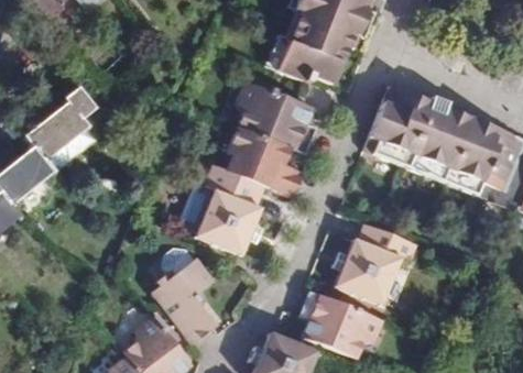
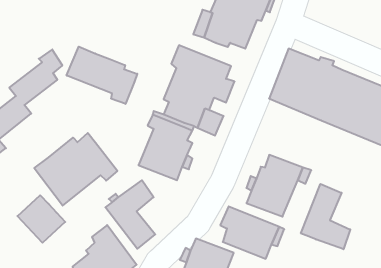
building: none -> [67,47,137,104]
building: none -> [34,133,117,206]
building: none -> [301,184,350,249]
building: none -> [17,195,65,243]

